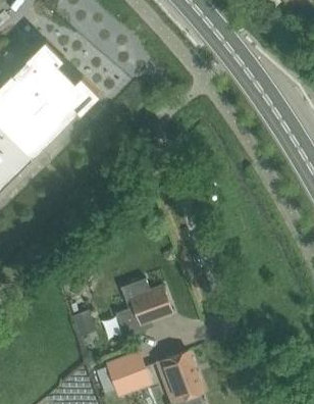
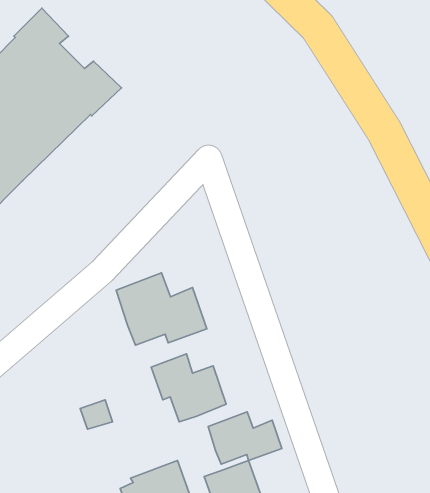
building: none -> [116,273,207,345]
building: none -> [208,412,282,464]

